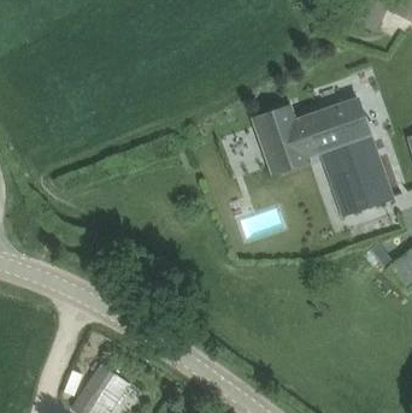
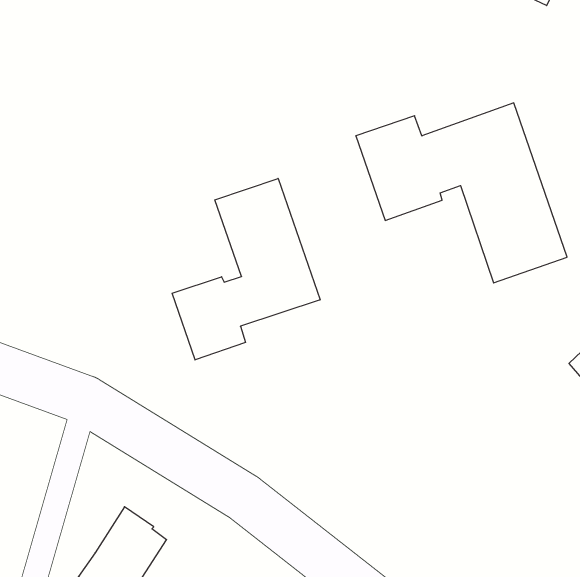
building: none -> [172,178,320,360]

